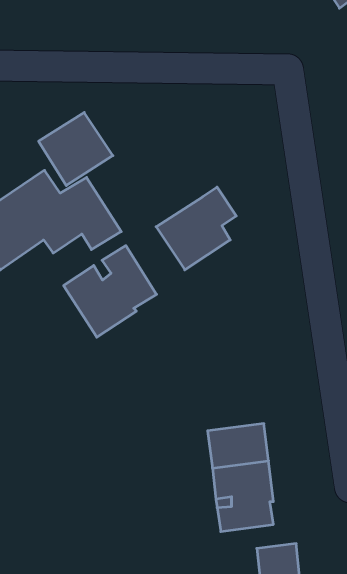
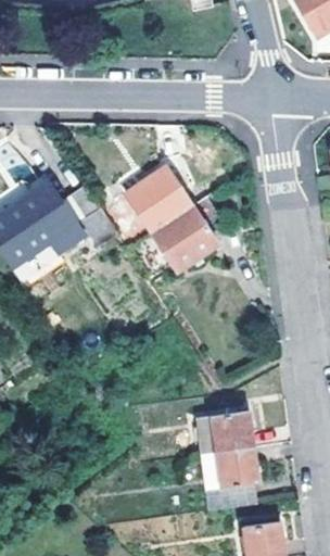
building: [39,112,113,186] -> [125,166,192,232]
building: [64,246,157,337] -> none

